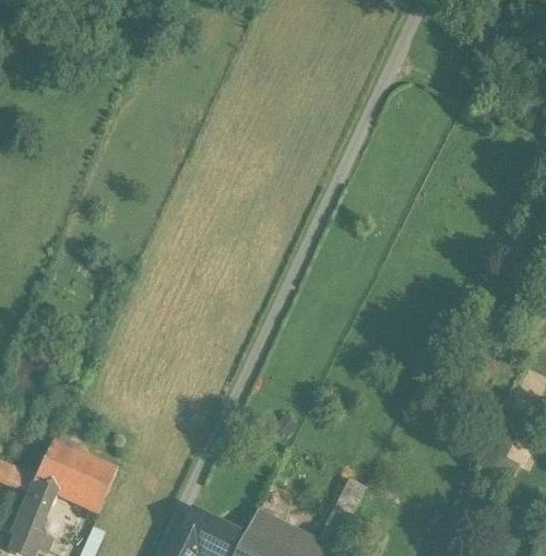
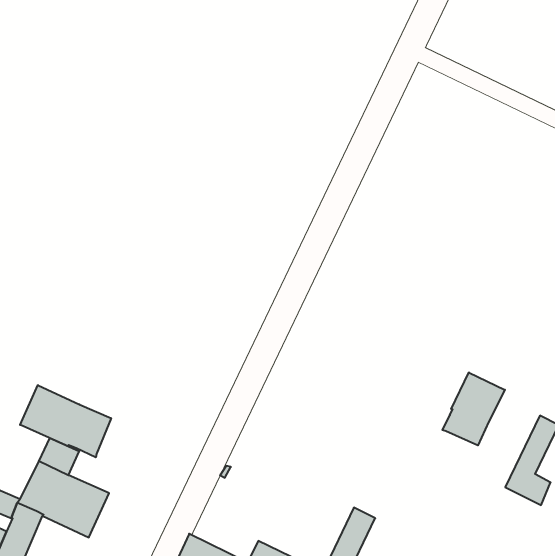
building: none -> [442,372,505,445]
building: none -> [20,385,111,457]

